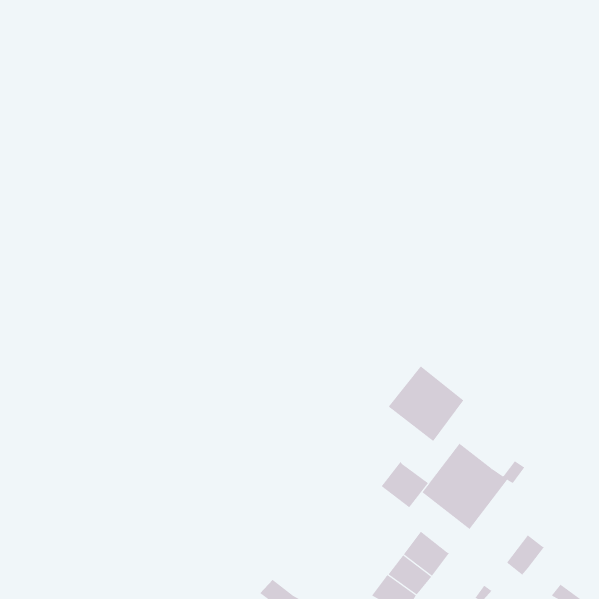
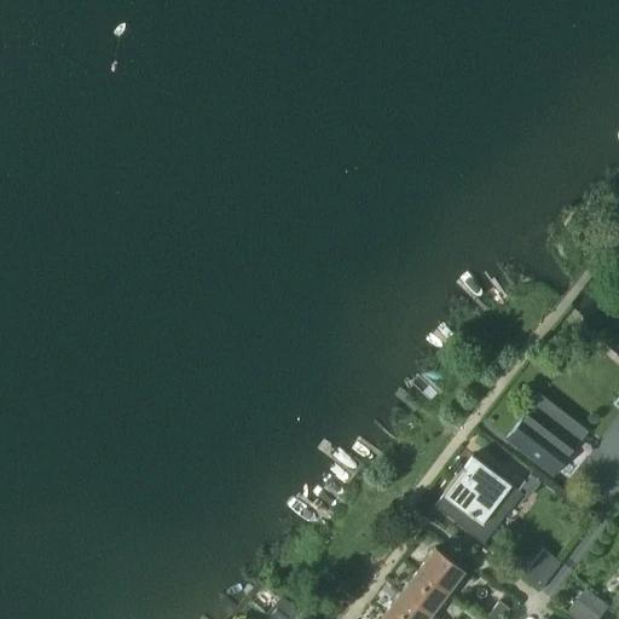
building: [388,365,464,442] -> [507,397,585,475]
building: [381,461,429,508] -> none

